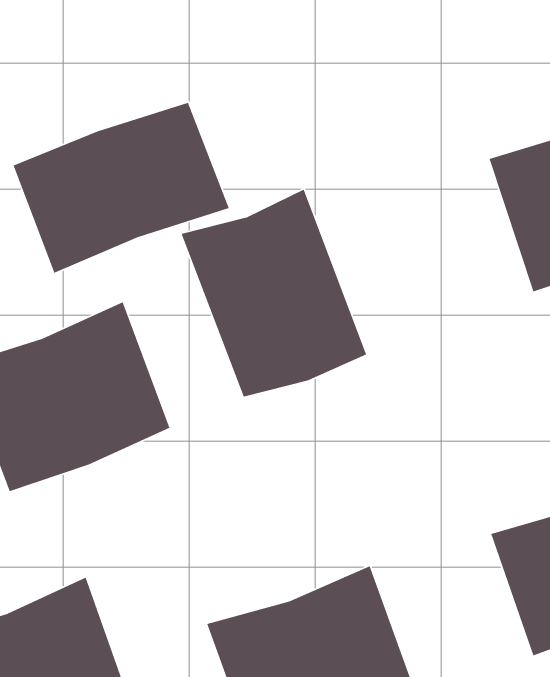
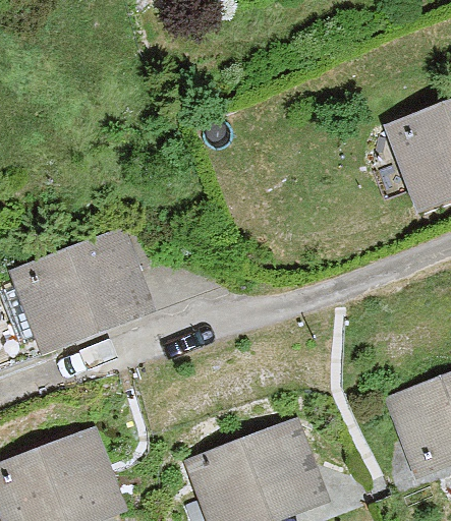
building: [13,102,230,274] -> none
building: [180,188,367,397] -> none

